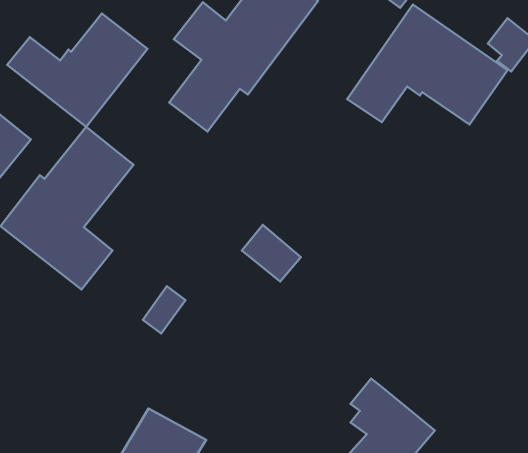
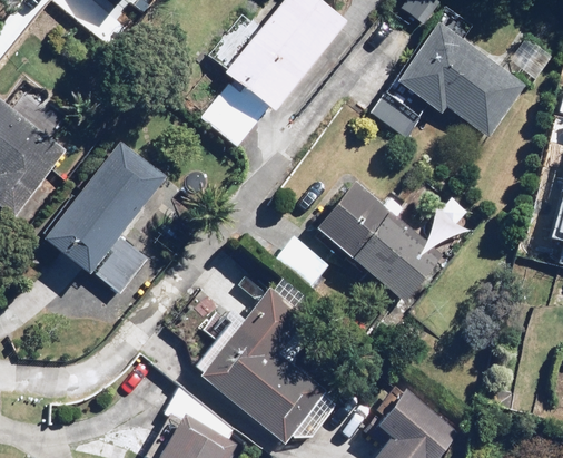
building: [7,13,147,127] -> none
building: none -> [313,181,466,302]
building: none -> [194,275,342,446]

